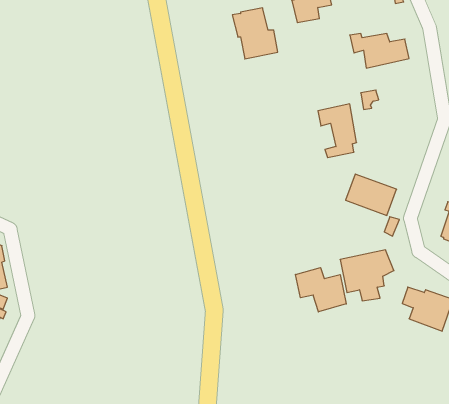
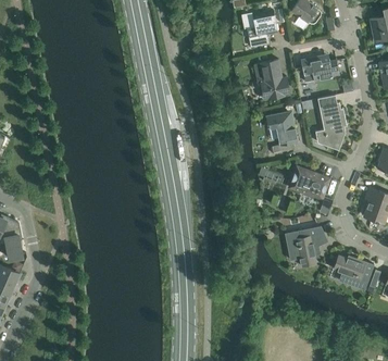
building: [232,8,278,59] -> [253,60,289,100]
building: none -> [314,96,346,150]
building: [295,268,346,312] -> none

